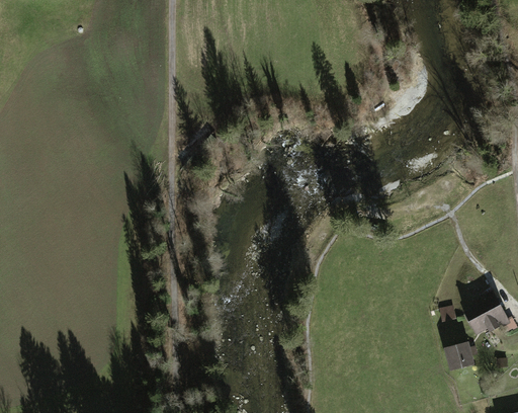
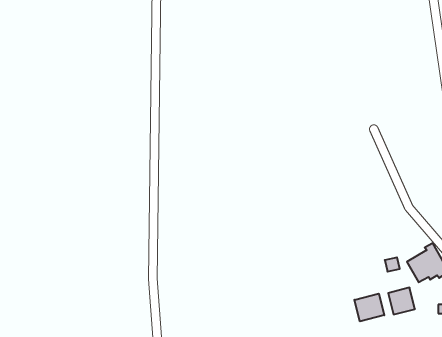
building: none -> [354,294,384,321]

